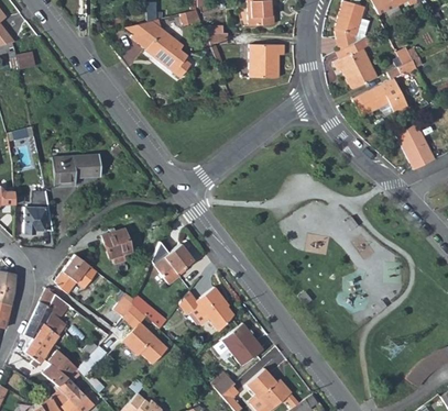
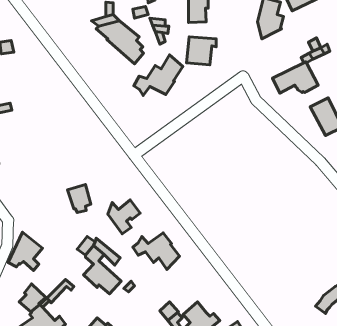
building: [336,36,378,89] -> none
building: none -> [134,55,183,95]
building: [52,154,99,187] -> none
building: [25,191,52,233] -> none
building: [55,254,97,293] -> none
building: [24,323,59,367] -> none
building: [215,324,263,365] -> none

